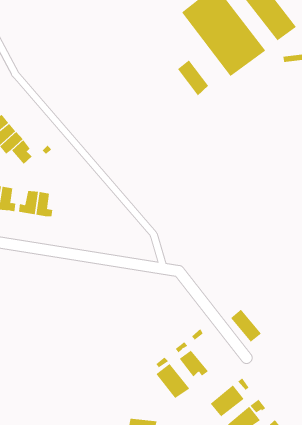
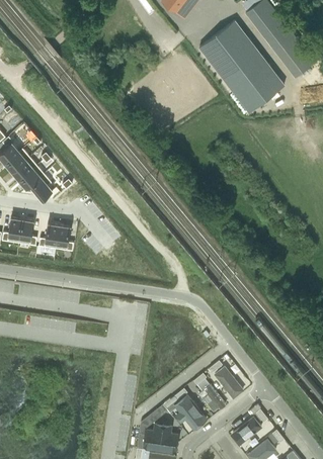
building: [177,60,209,96] -> none
building: [230,309,262,343] -> [213,366,244,399]
building: none -> [144,419,179,450]

